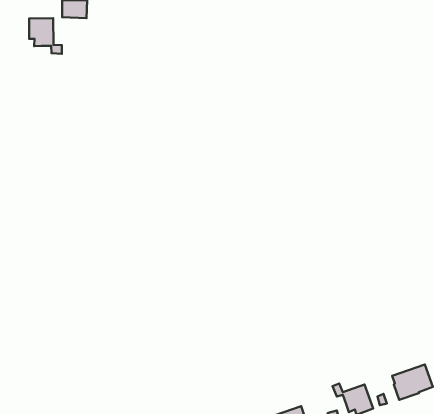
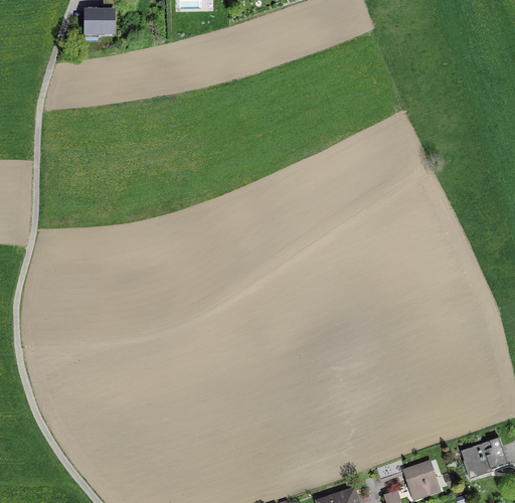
building: [29,18,62,54] -> none

